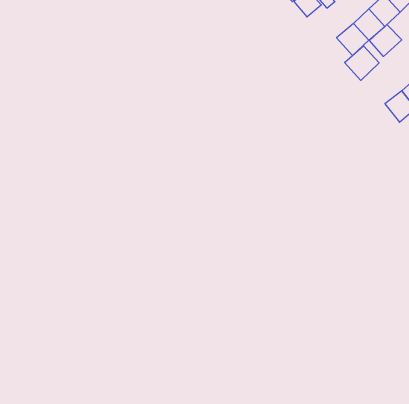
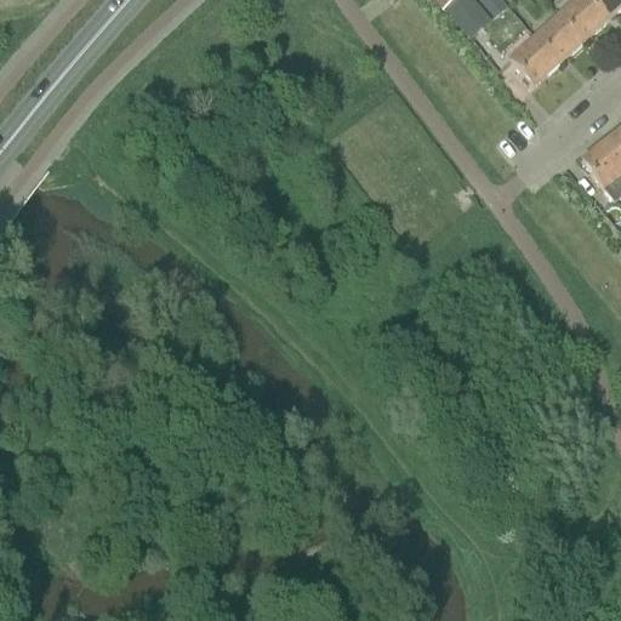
building: [370,25,402,56] -> none
building: [345,46,379,80] -> none

